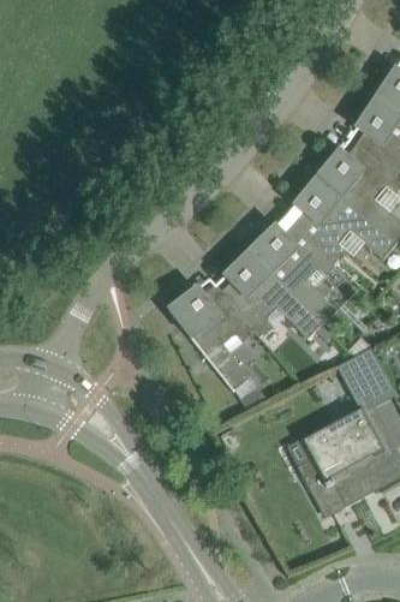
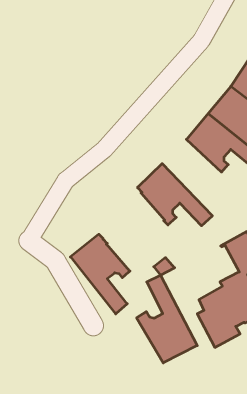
building: [250,214,336,323] -> none
building: [168,276,253,391] -> [70,234,130,314]
building: none -> [137,275,197,363]

